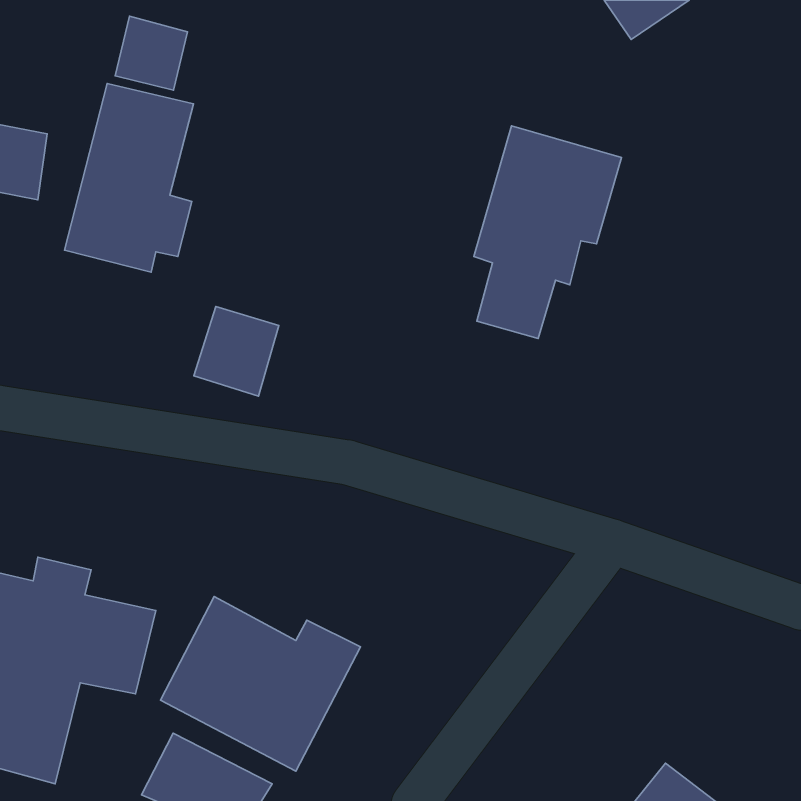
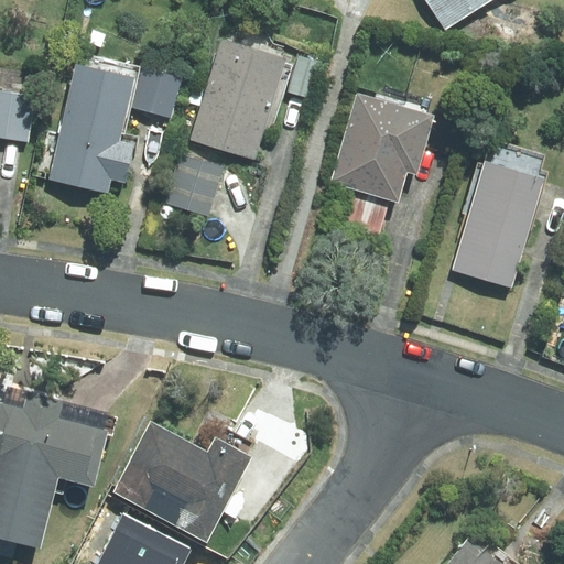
building: [115,16,188,90] -> [131,66,182,118]
building: none -> [189,35,286,159]
building: none -> [452,158,544,286]
building: [194,307,279,396] -> [163,154,223,217]

